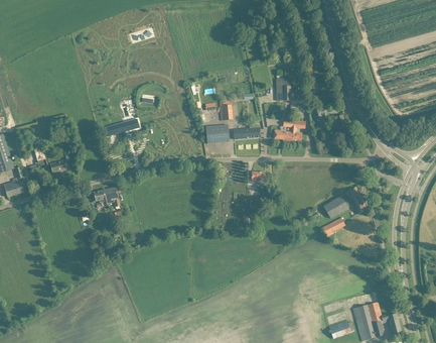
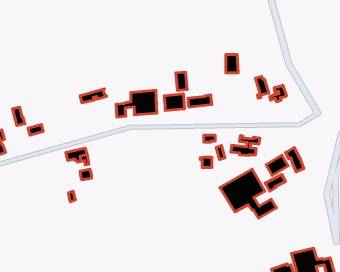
building: [273,119,306,142] -> [231,135,260,156]
building: none -> [116,90,157,117]
building: none -> [220,169,277,218]

